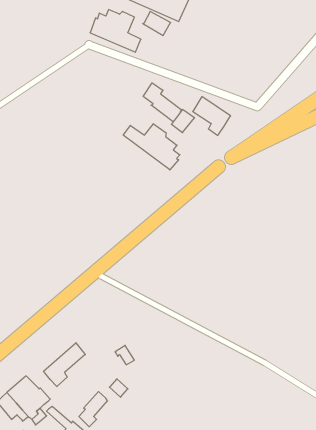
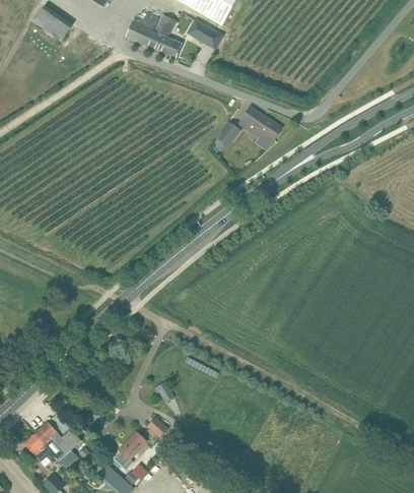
building: none -> [33,5,71,41]
building: [143,83,181,122] -> none
building: [123,124,180,170] -> none
building: [44,343,85,387] -> none

